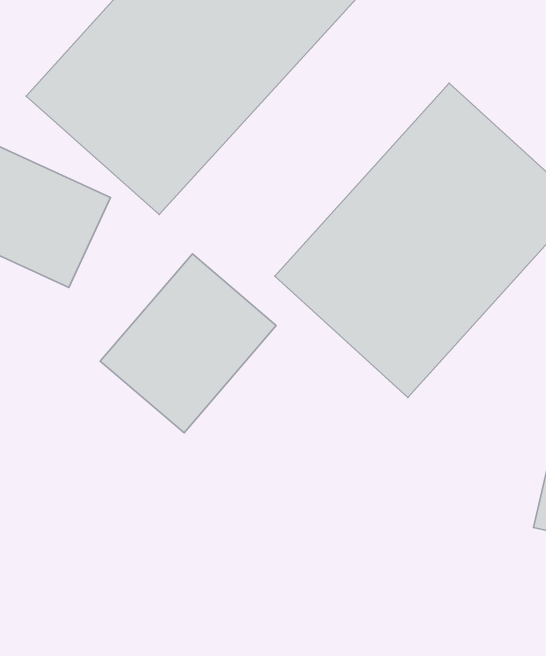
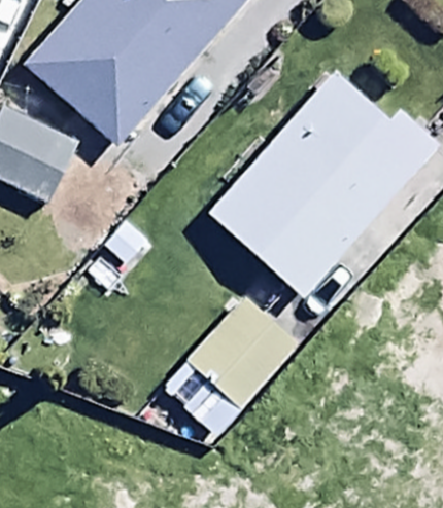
building: [100,254,276,433] -> none
building: none -> [169,289,301,427]

